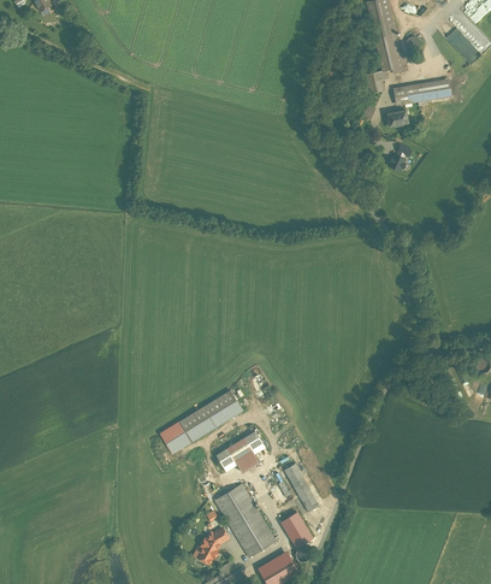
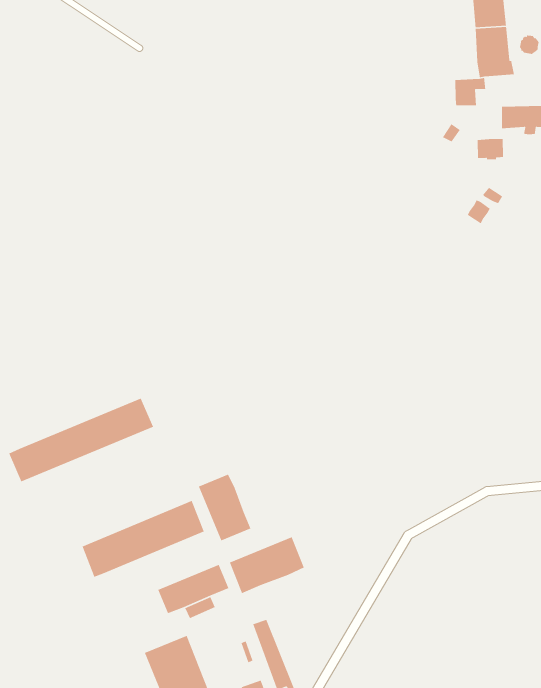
building: none -> [8,398,154,483]
building: none -> [198,474,252,542]
building: none -> [229,536,305,594]

